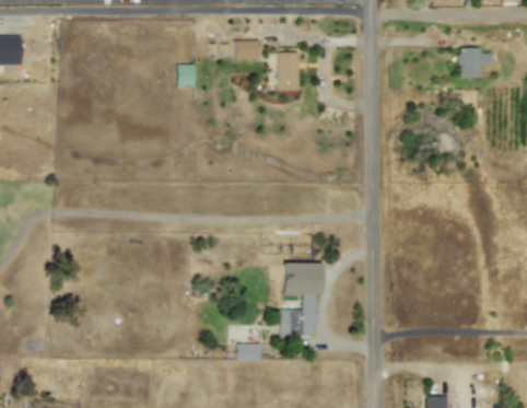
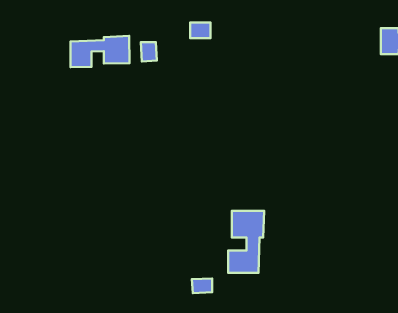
building: [278,51,298,90] -> none
building: none -> [70,36,129,67]

